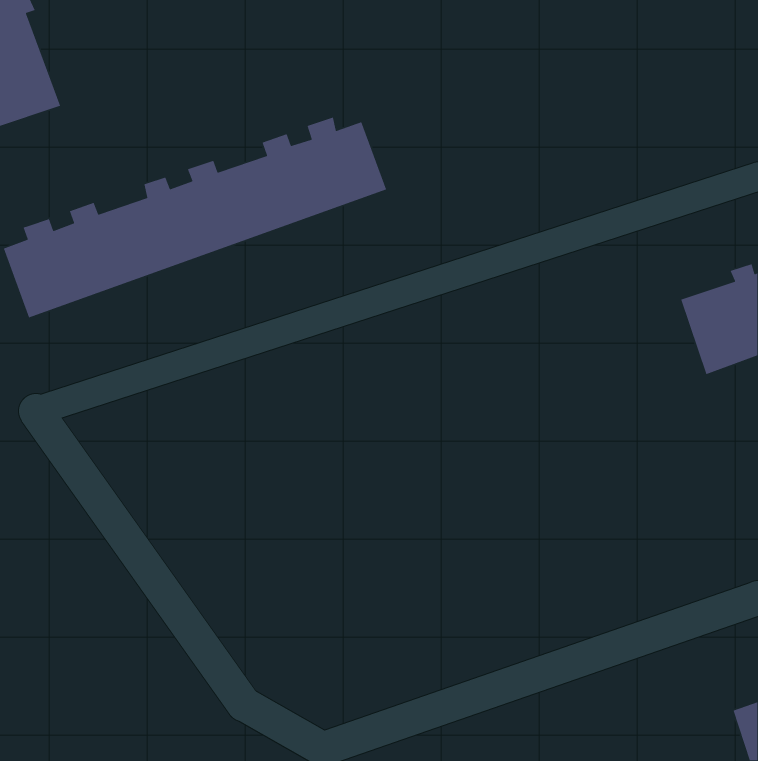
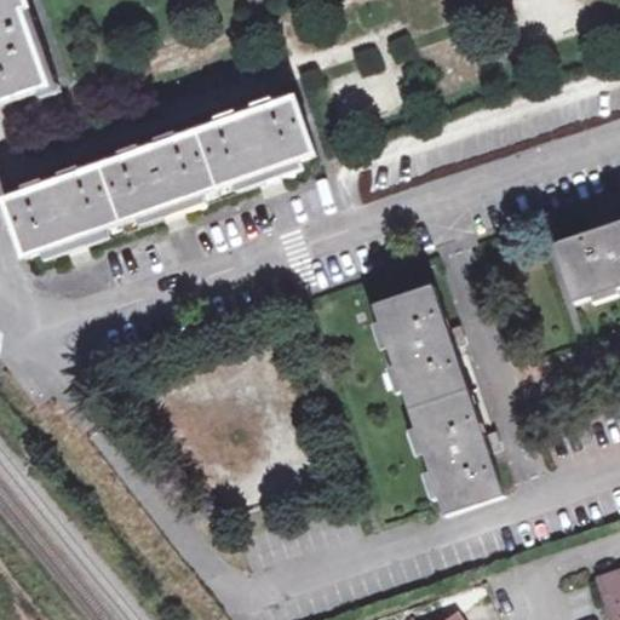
building: none -> [371,283,503,516]

